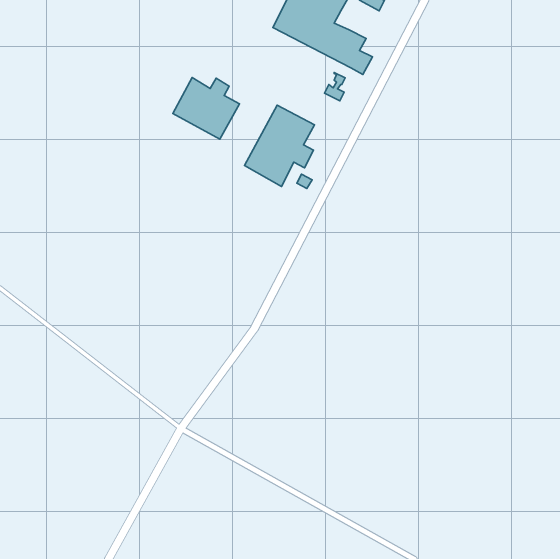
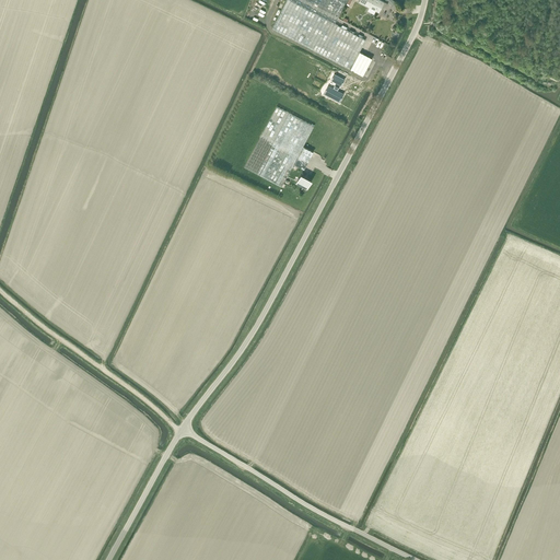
building: [173,77,240,139] -> none

